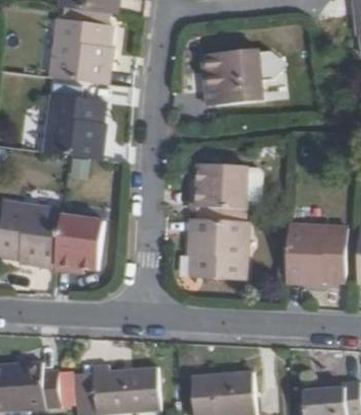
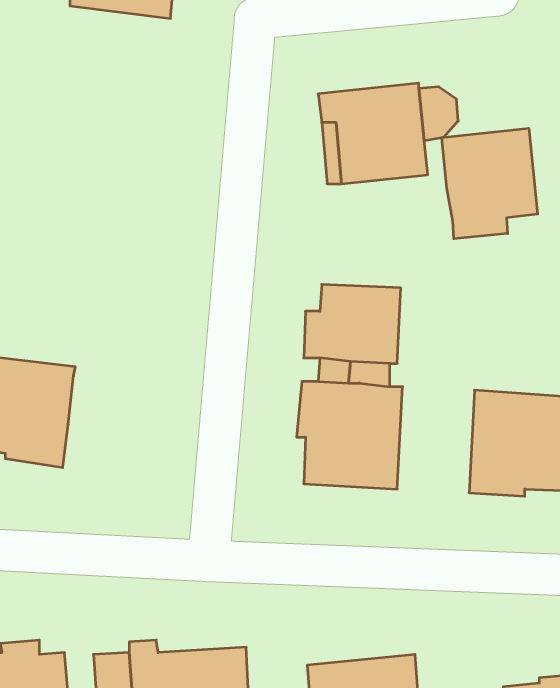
building: [50,9,110,84] -> none
building: none -> [442,128,538,239]
building: [44,94,104,158] -> none
building: [55,214,103,272] -> none

